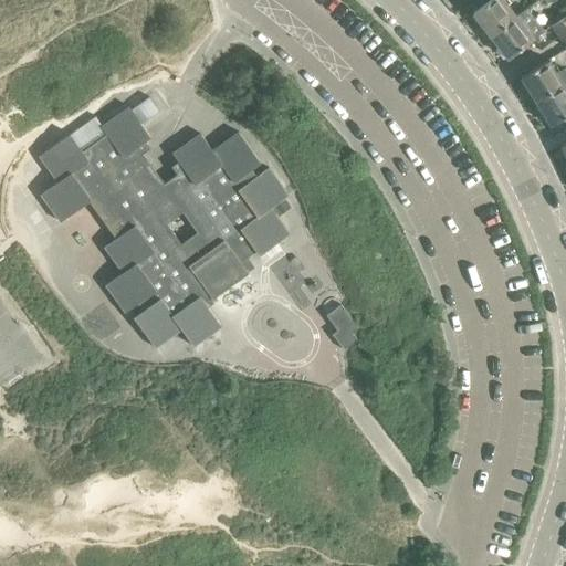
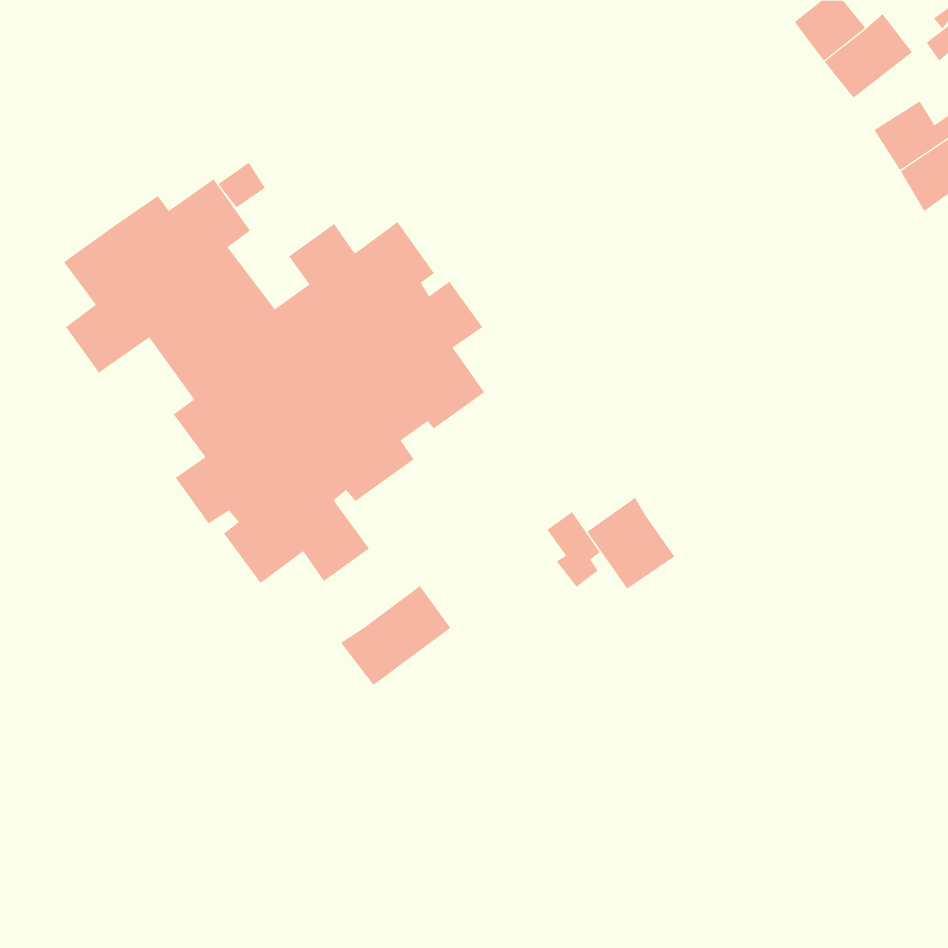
building: none -> [586,497,675,589]
building: none -> [340,585,451,686]

